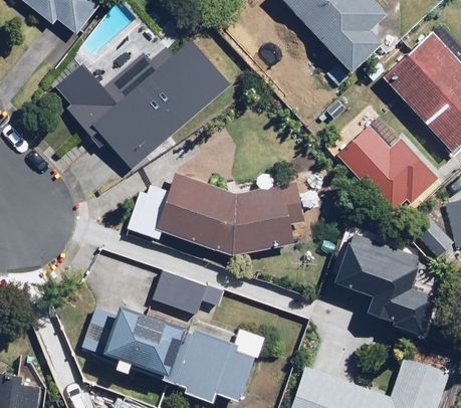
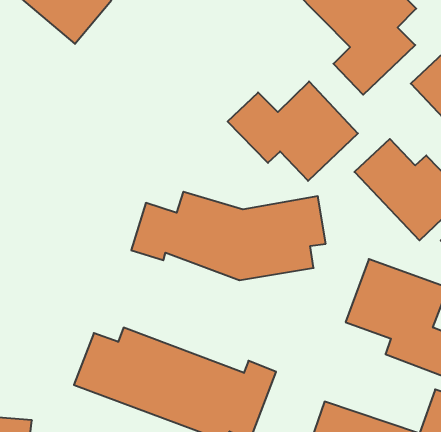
building: [45,34,232,175] -> none
building: none -> [228,81,358,181]
building: [152,267,226,315] -> none

